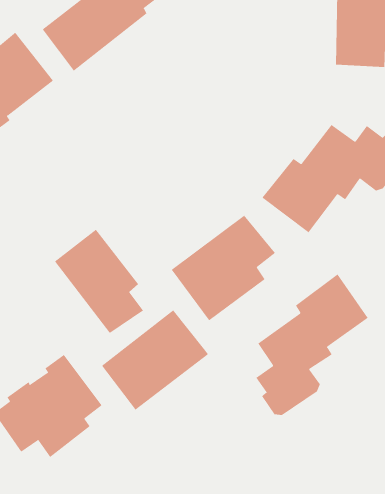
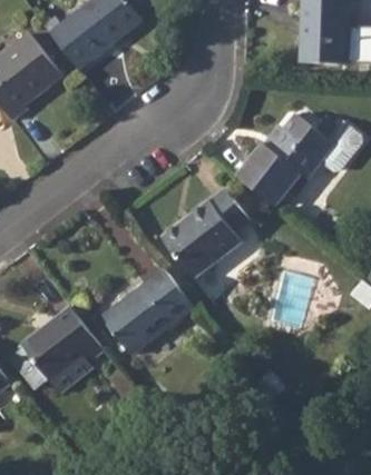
building: [54,229,144,334] -> none
building: [256,274,369,416] -> none

